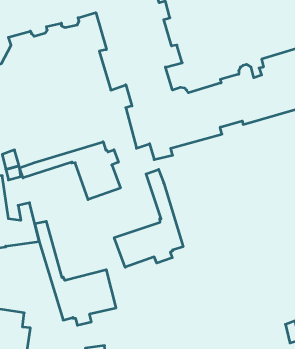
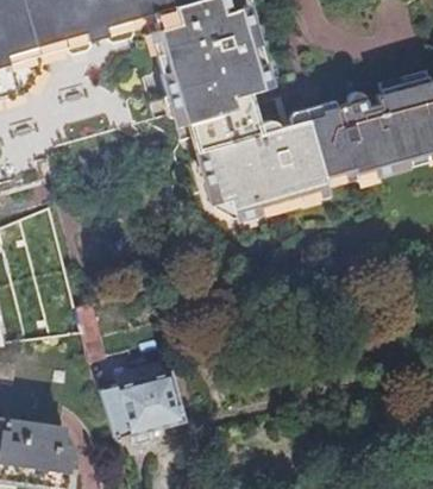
building: [19,142,120,200] -> none
building: [114,169,183,267] -> none

